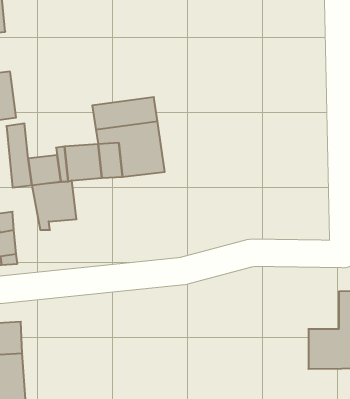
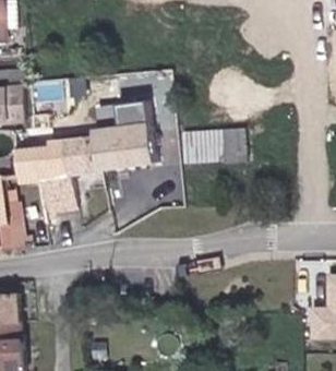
building: none -> [185,127,251,163]

